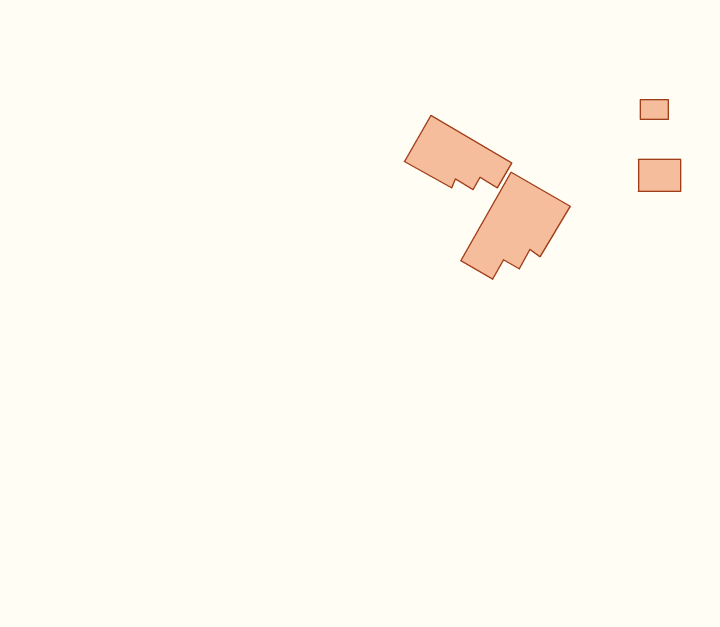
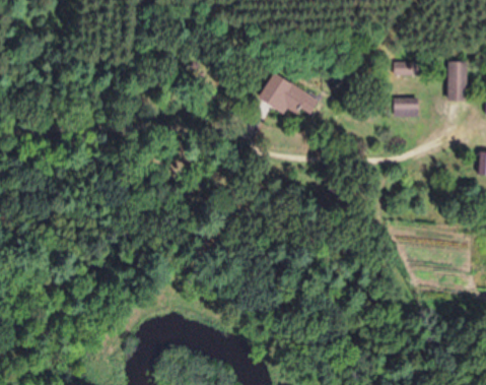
building: [461,172,570,279] -> none

